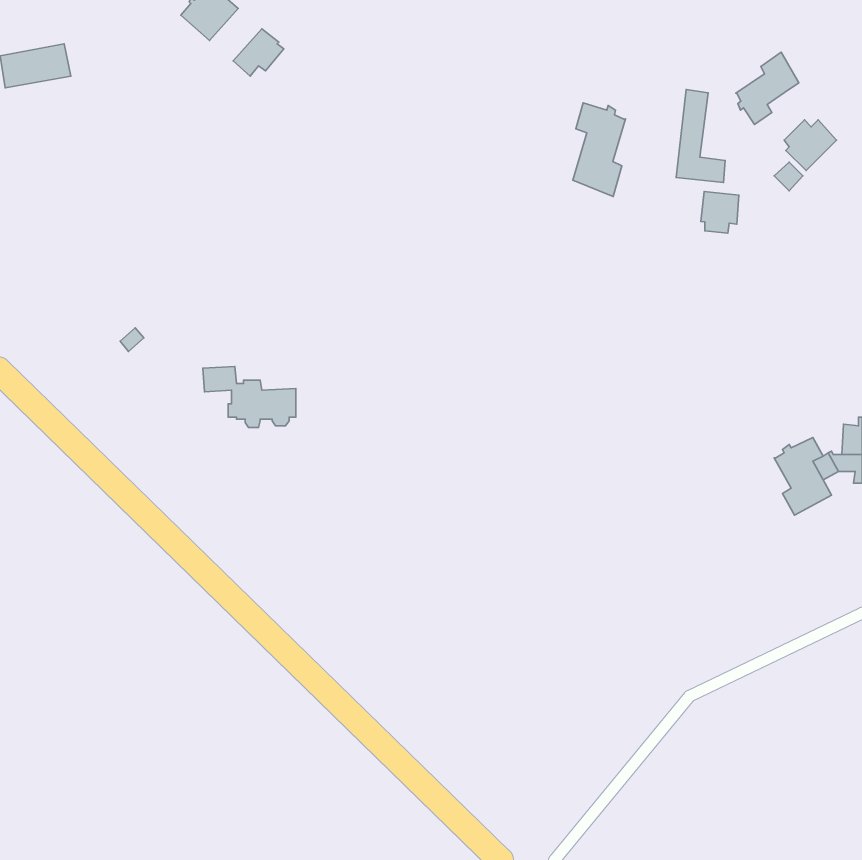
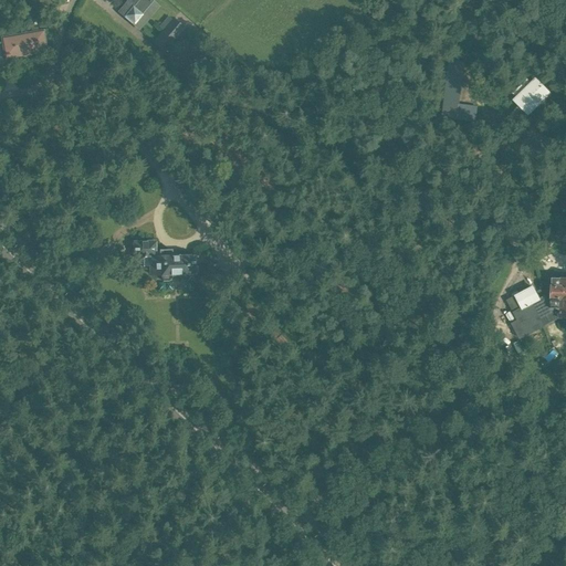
building: [736,52,799,124] -> none
building: [573,103,625,197] -> none
building: [701,192,739,233] -> none

